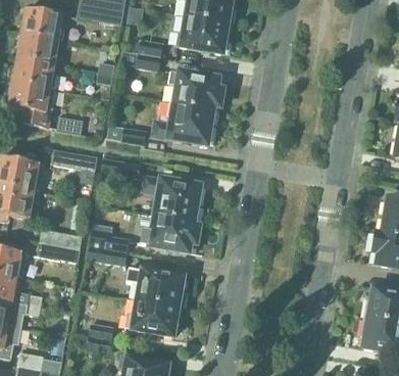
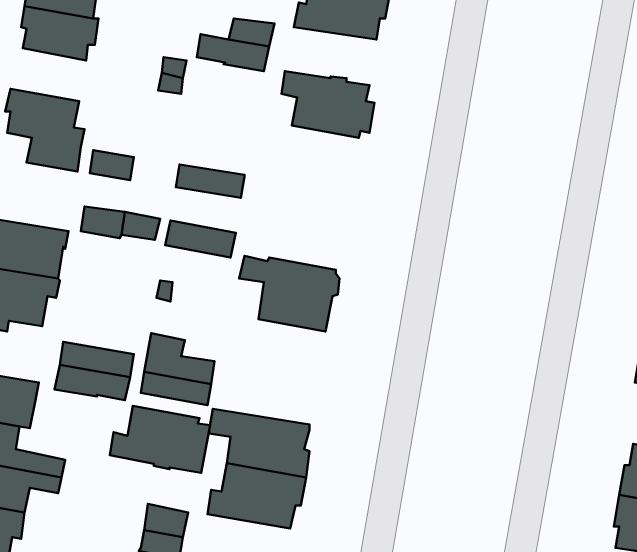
building: [10,57,55,89] -> none
building: [153,102,212,144] -> none
building: [141,215,199,253] -> [110,406,210,473]

